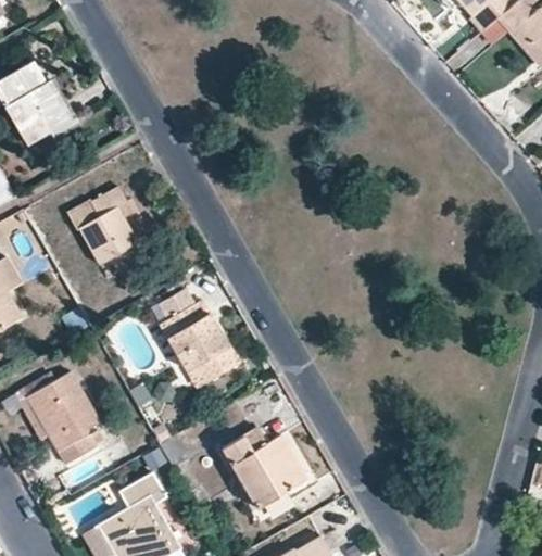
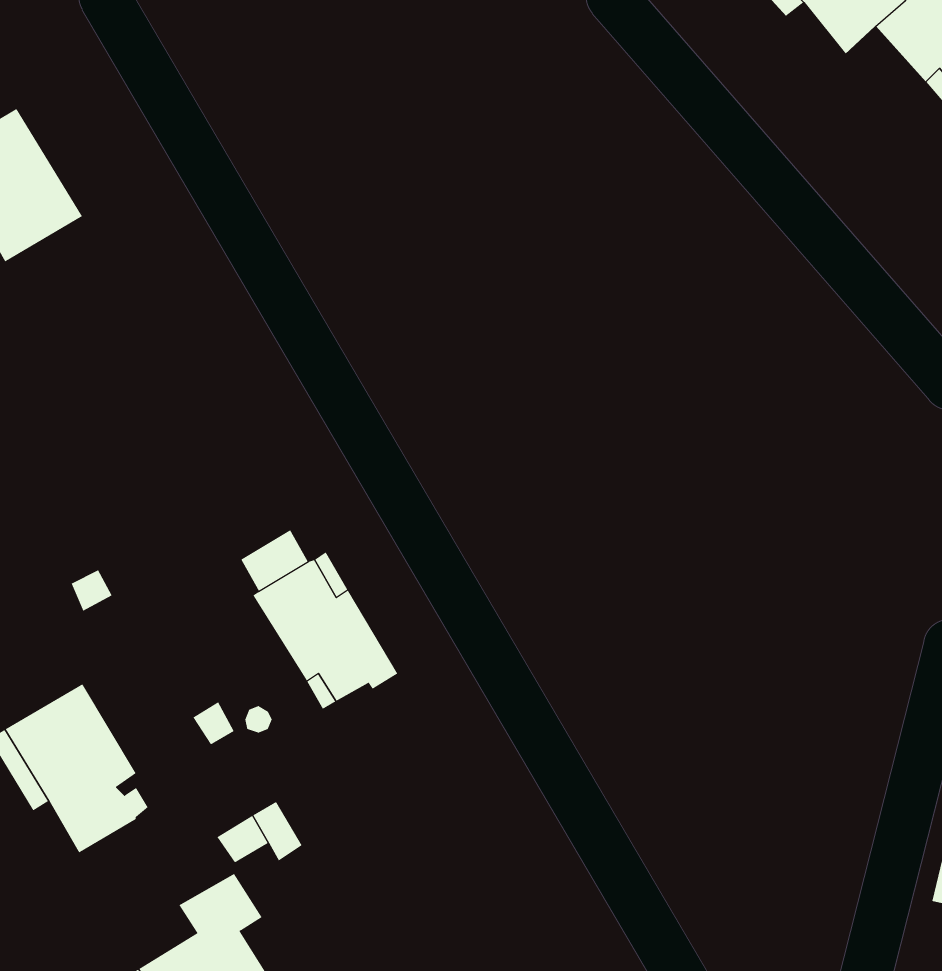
building: [65,186,138,264] -> none
building: [224,428,307,510] -> none

